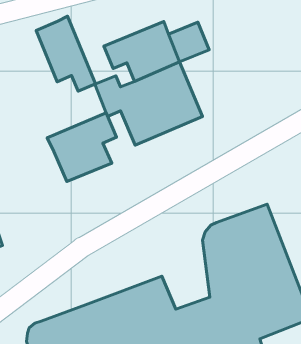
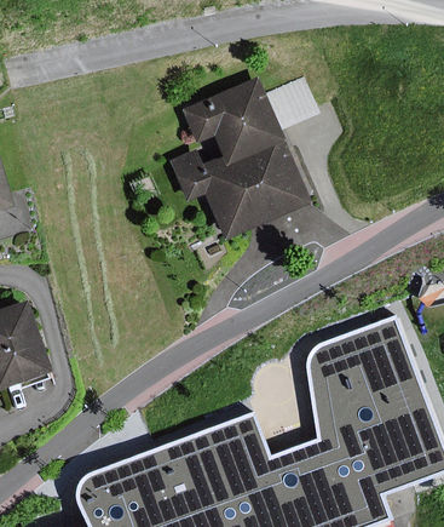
building: [36,16,96,91] -> none
building: [47,113,116,182] -> none

